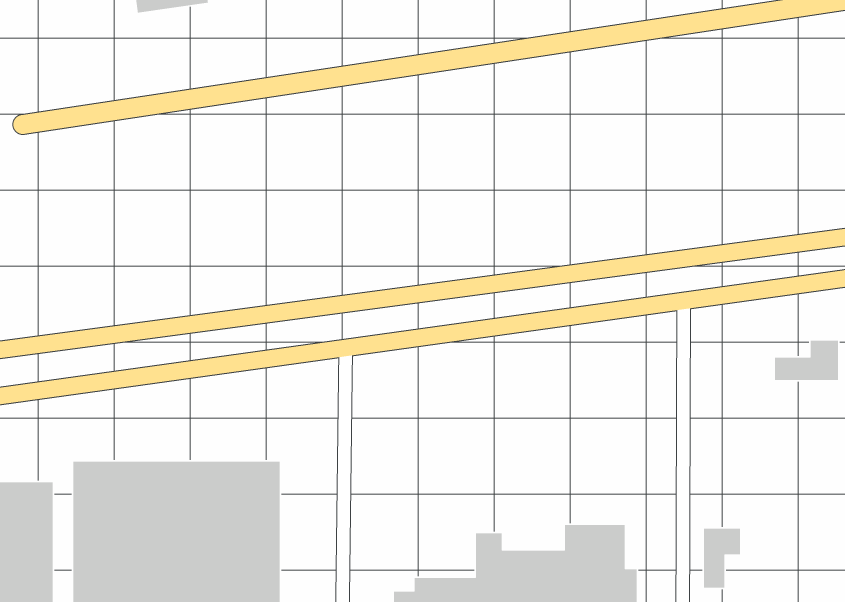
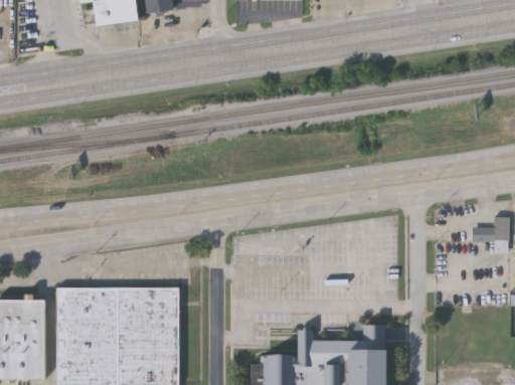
building: [703,528,741,589] -> none

